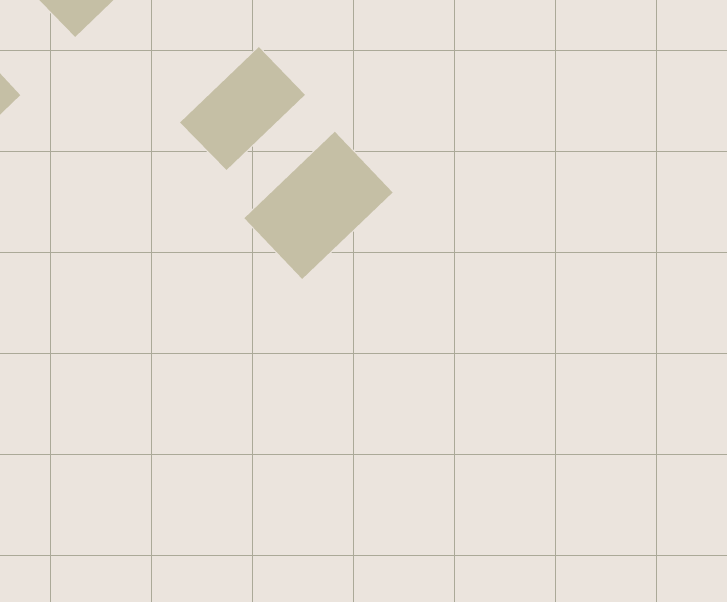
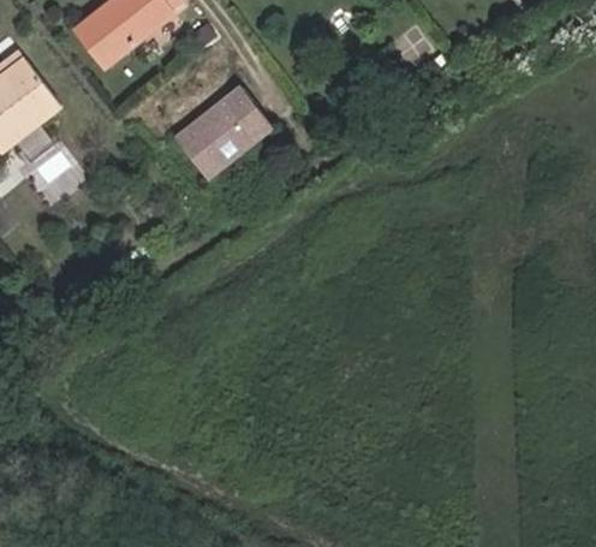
building: [244,131,393,280] -> none

